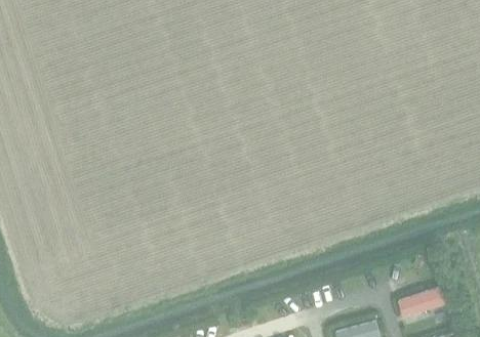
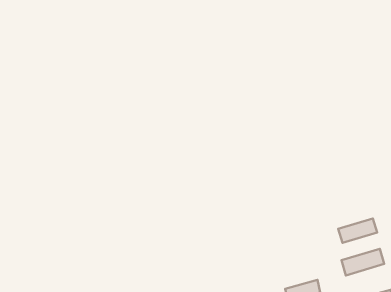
building: none -> [338,219,377,243]

